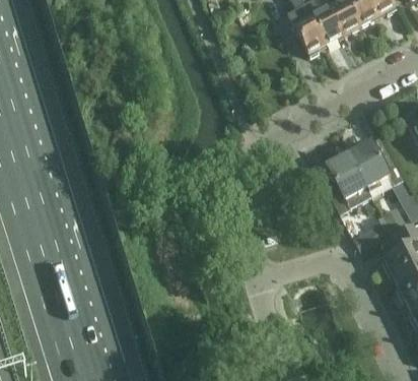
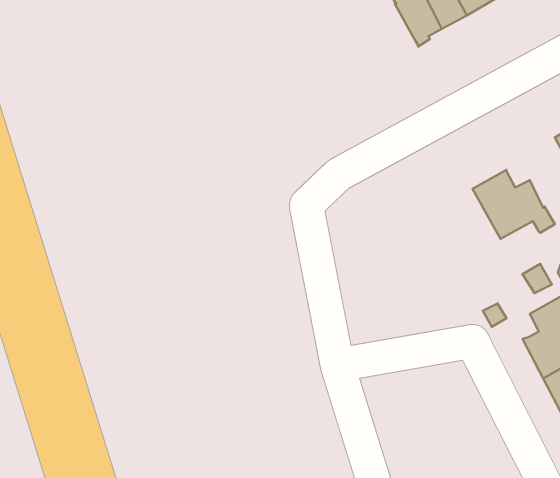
building: [326,153,370,207] -> none

